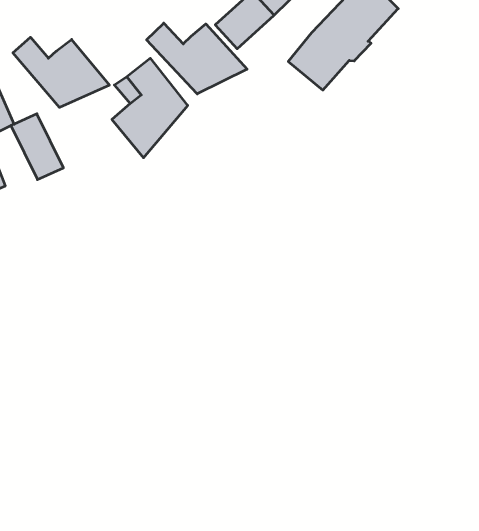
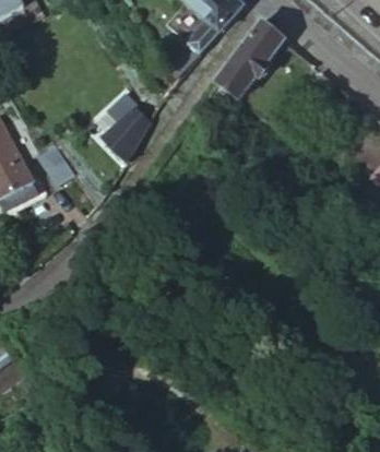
building: [147,23,247,94] -> none
building: [13,37,109,107] -> none

